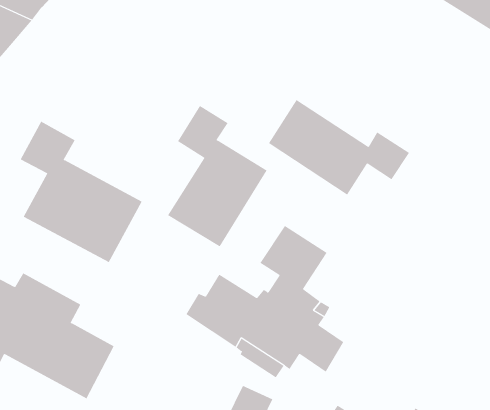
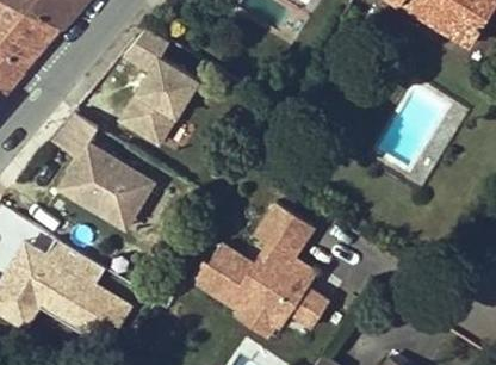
building: [268,99,410,196] -> none
building: [167,105,268,247] -> [114,27,200,149]

